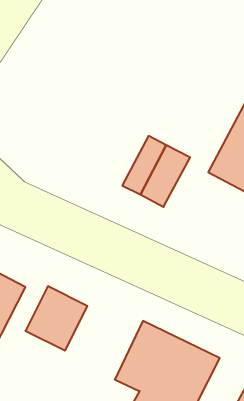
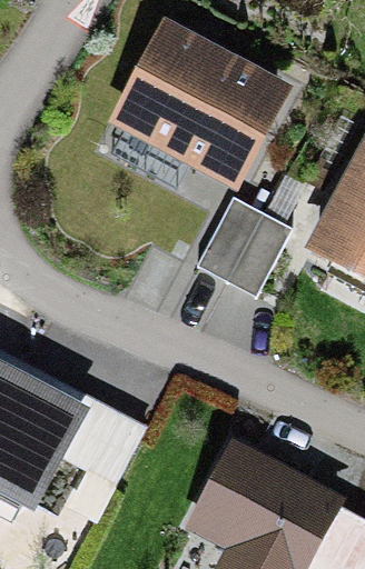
building: none -> [138,43,275,171]

